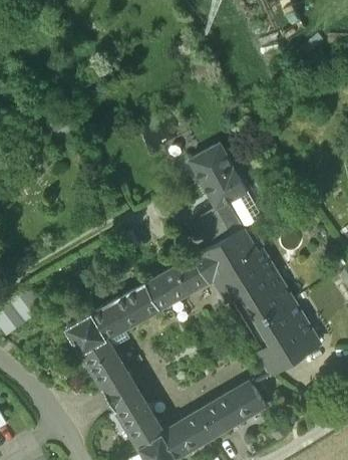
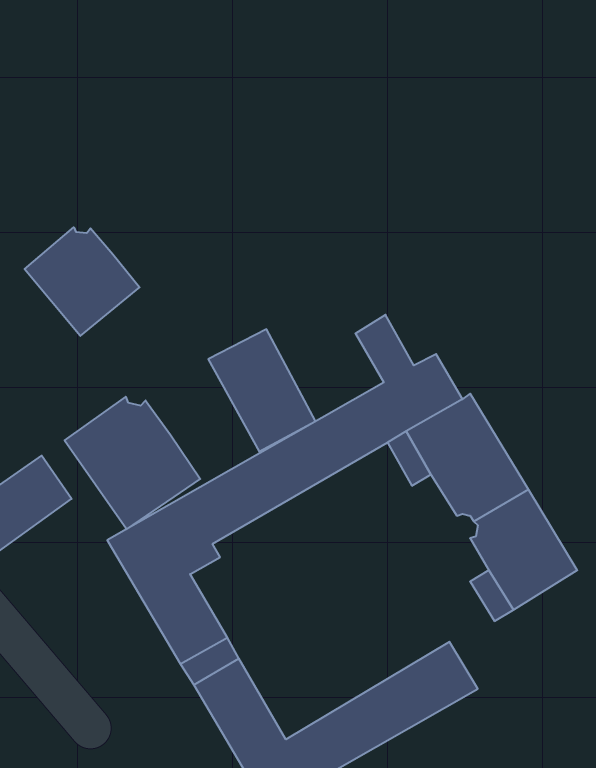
building: [189,143,246,208] -> [208,329,315,451]
building: none -> [25,227,140,336]
building: none -> [65,397,200,529]

